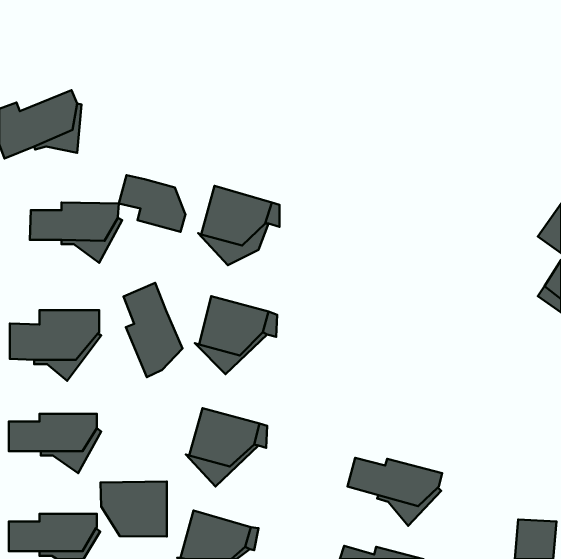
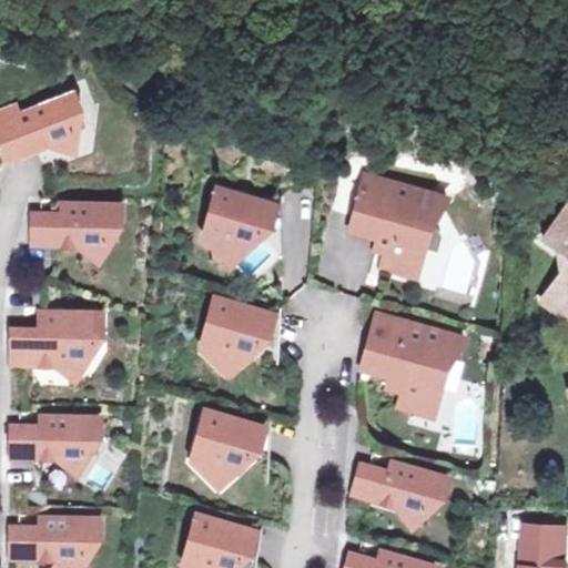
building: none -> [351,174,447,272]
building: [119,175,185,232] -> none
building: [123,283,182,377] -> none
building: none -> [362,313,464,412]
building: [100,481,167,536] -> none

